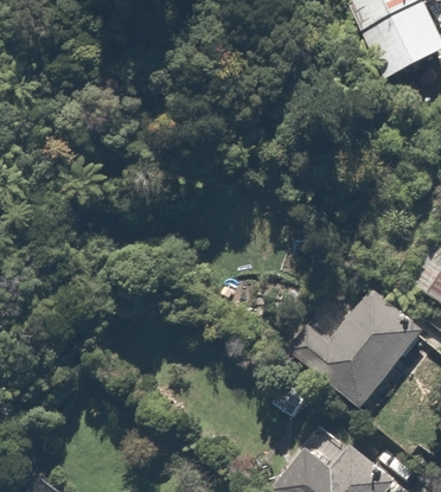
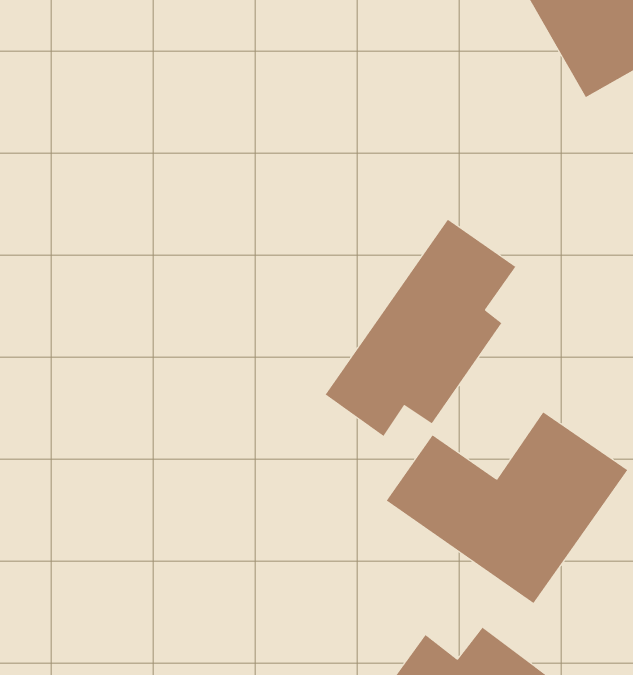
building: none -> [325,219,516,437]

